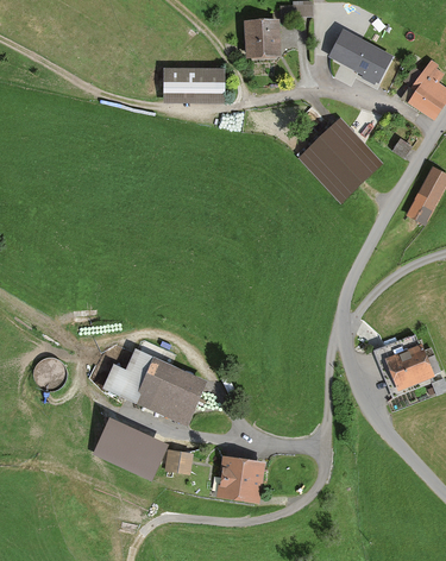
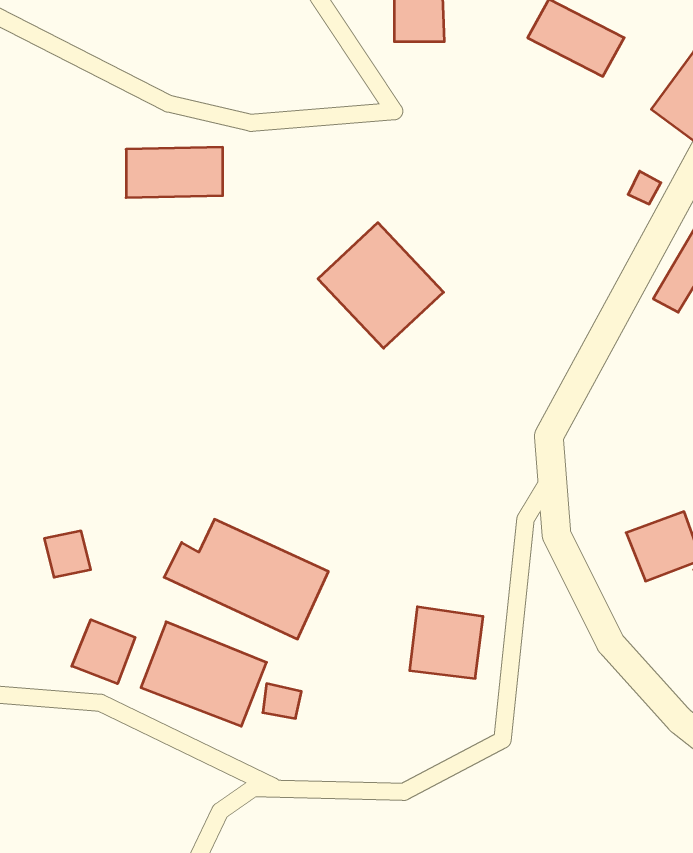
building: [165,69,225,100] -> [126,147,223,198]
building: [300,120,377,197] -> [318,223,444,348]
building: none -> [72,620,135,684]
building: [218,455,263,499] -> [410,607,483,678]

